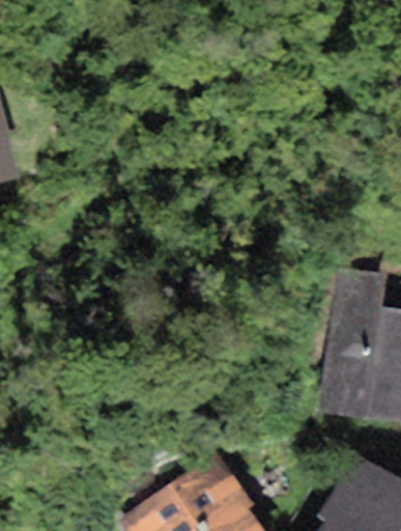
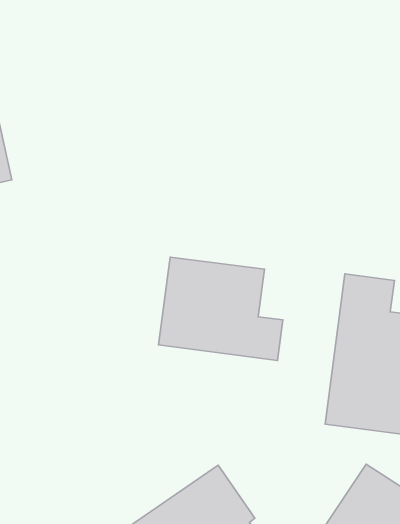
building: none -> [159,257,283,361]

